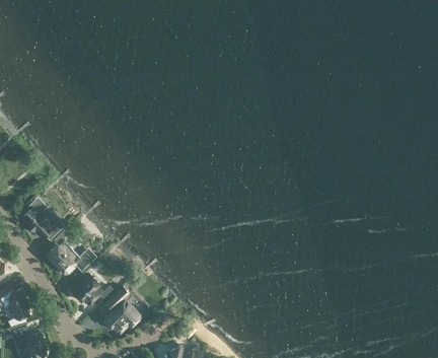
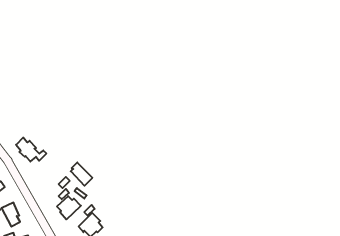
building: [49,243,76,273] -> [71,162,92,186]

